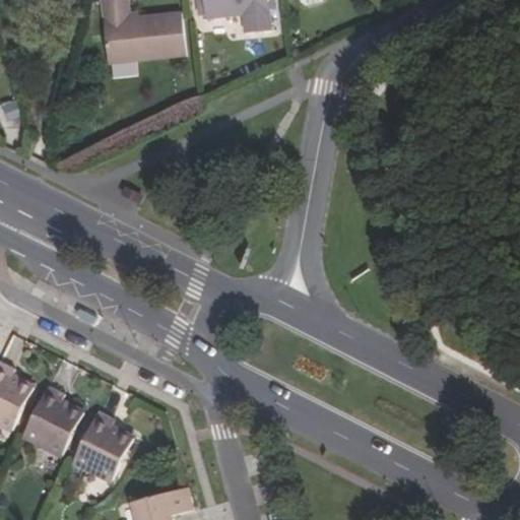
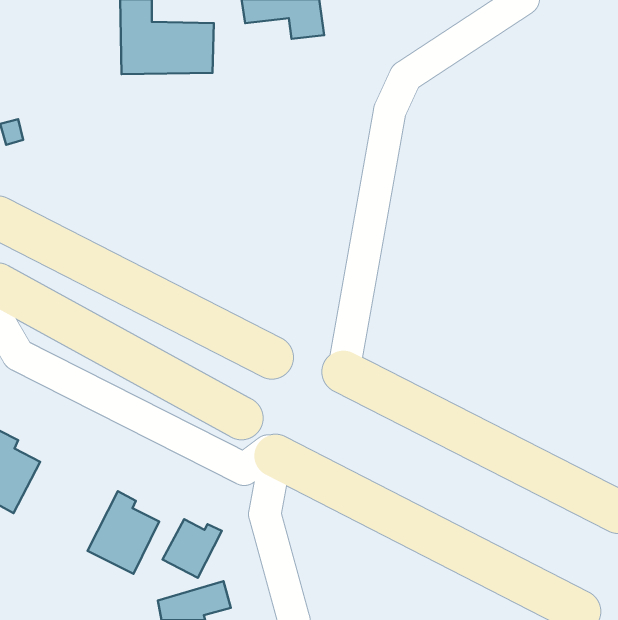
building: [23,385,83,454] -> none
building: none -> [163,519,222,578]

